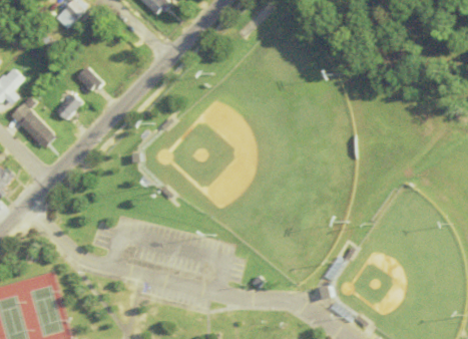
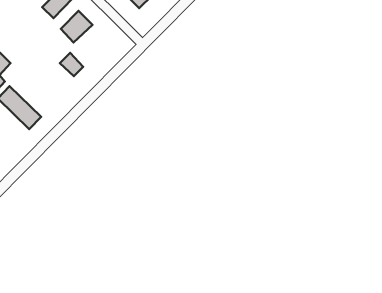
building: none -> [61,11,92,42]
building: [52,87,81,121] -> none

